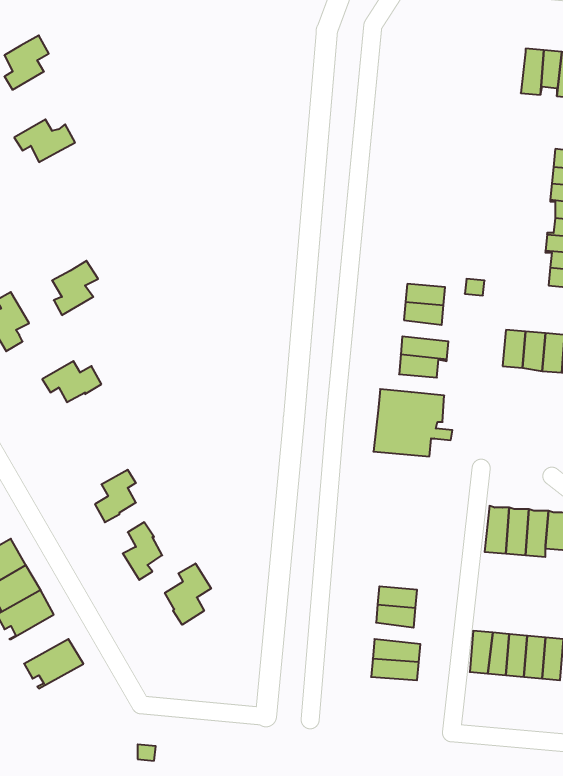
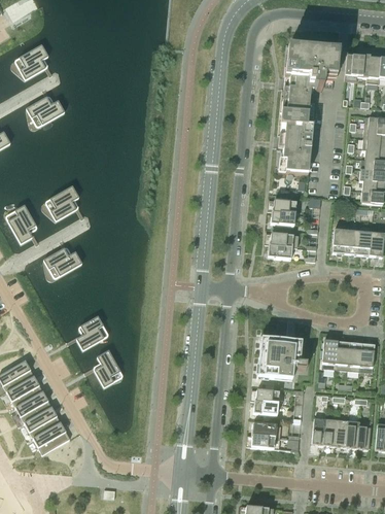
building: none -> [275,42,338,173]
building: [373,389,452,456] -> [257,337,307,379]
building: [165,563,211,625] -> none
building: none -> [25,407,61,438]

